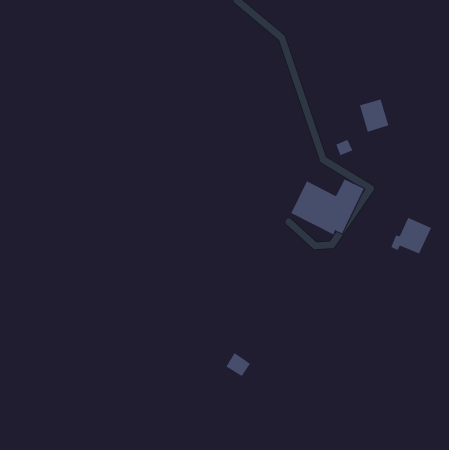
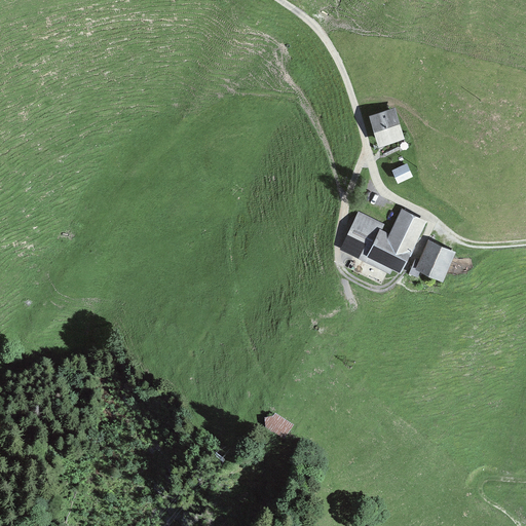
building: [359,99,389,132] -> [369,107,404,146]
building: [390,217,432,254] -> [408,239,456,283]

